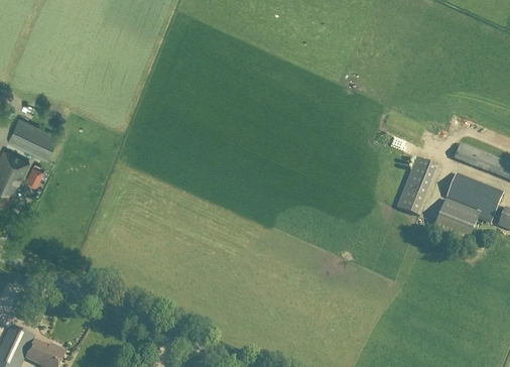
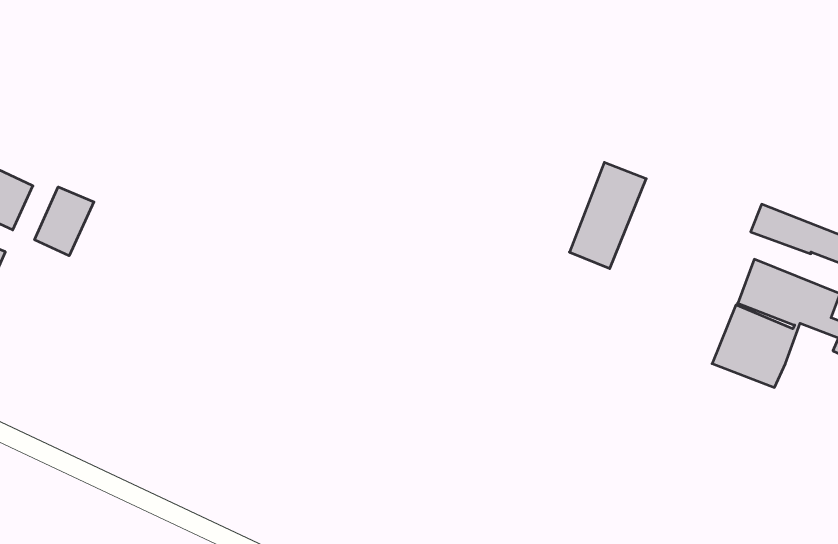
building: none -> [35,187,94,256]
building: [396,157,438,216] -> [569,162,646,269]

